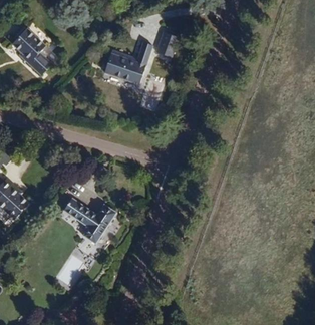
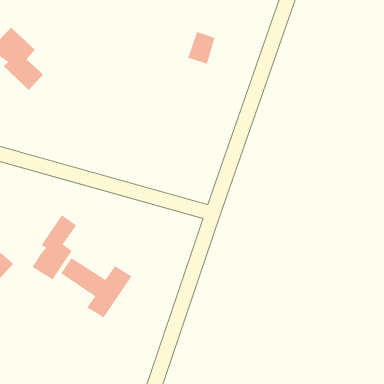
building: [103,42,150,85] -> none
building: none -> [31,214,77,280]

